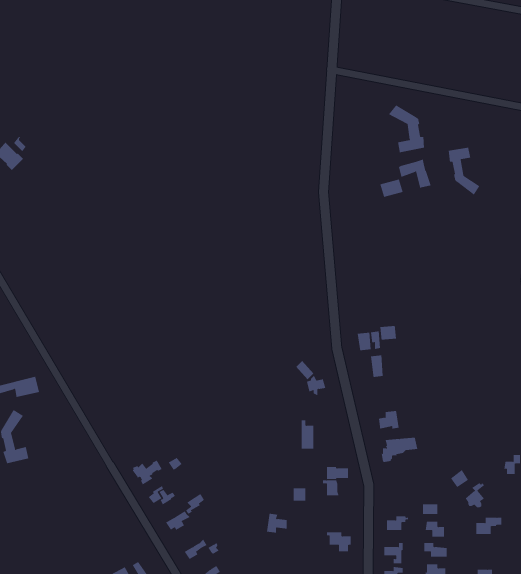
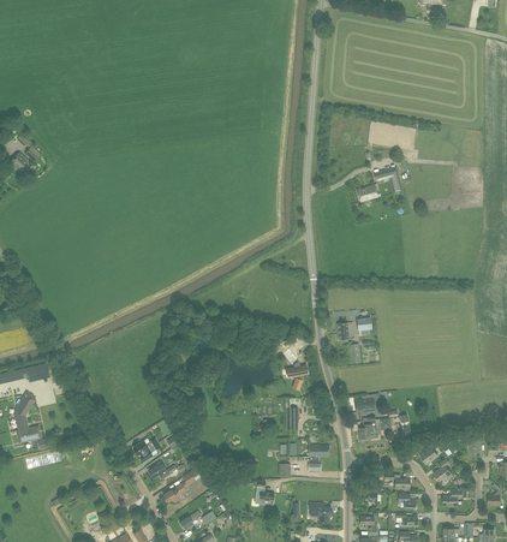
building: [388,104,424,153] -> none
building: [448,147,480,196] -> none

